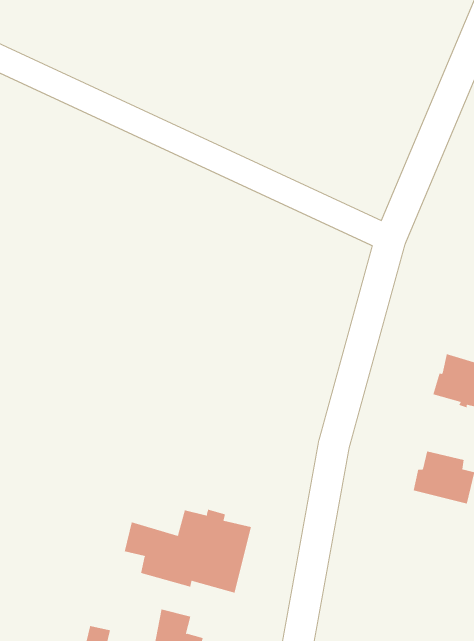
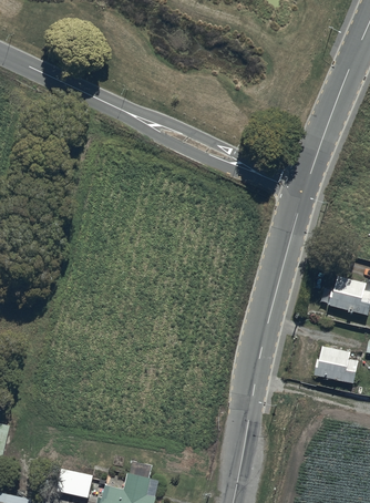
building: [124,509,251,594] -> none

